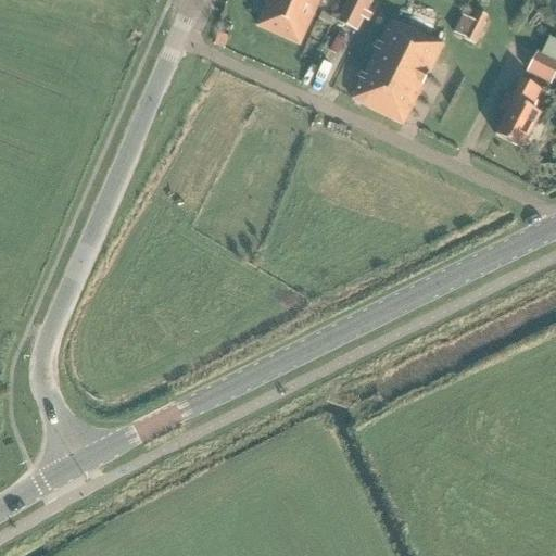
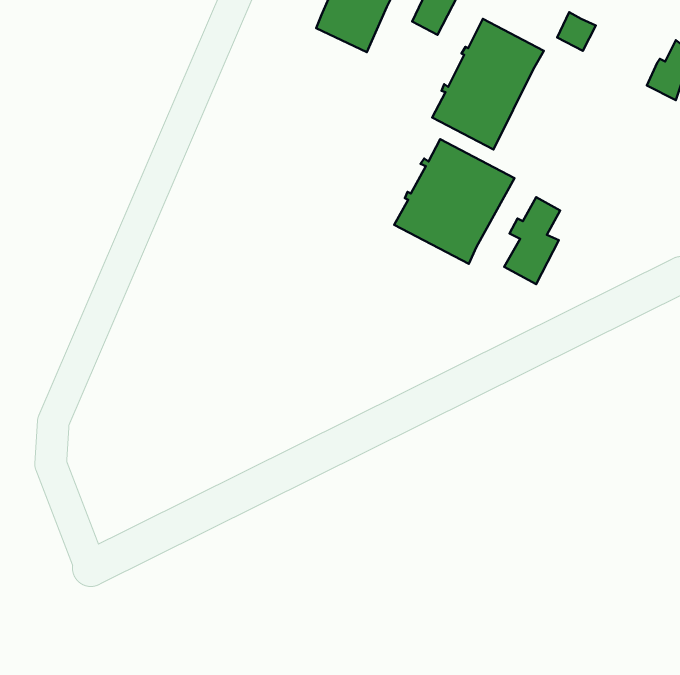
building: [496,75,542,146] -> [504,197,560,284]
building: none -> [394,139,515,264]

